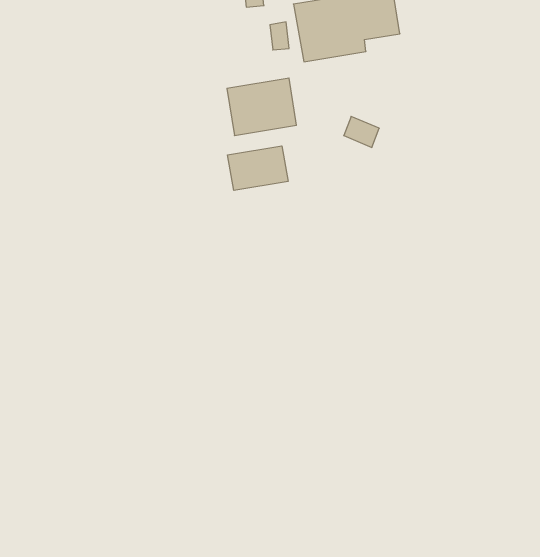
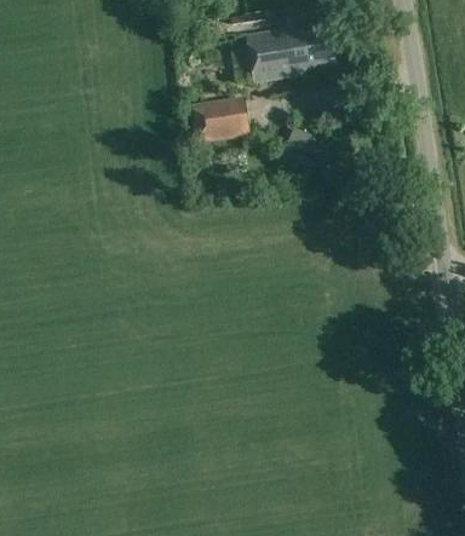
building: [228,146,288,190] -> none

